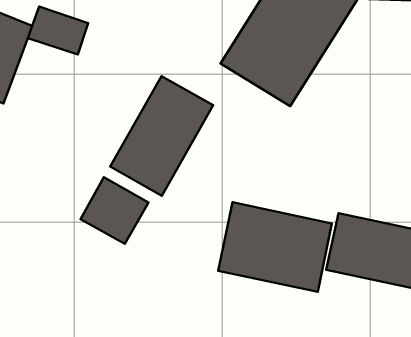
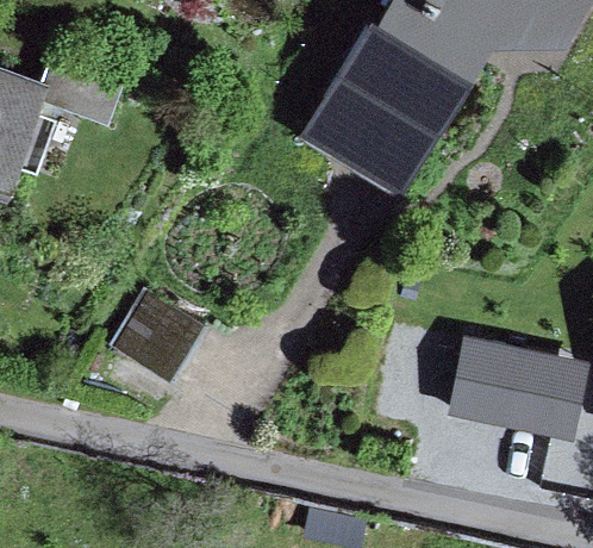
building: [110,76,213,196] -> none
building: [218,202,332,292] -> none

